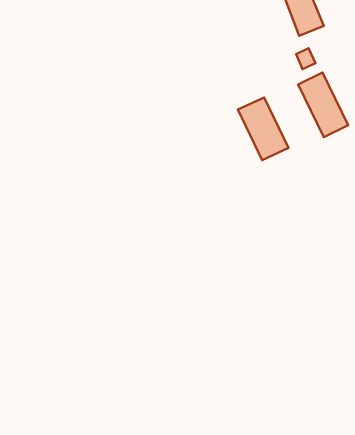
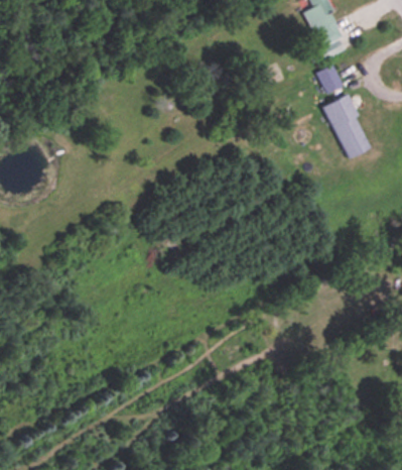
building: [238,97,289,160] -> none

